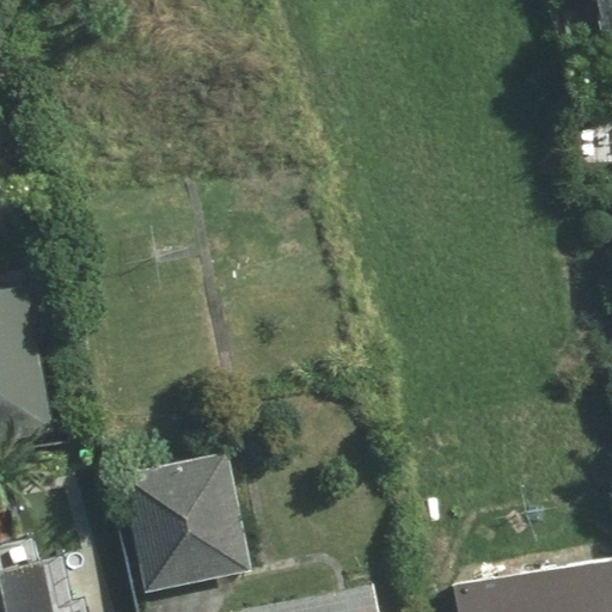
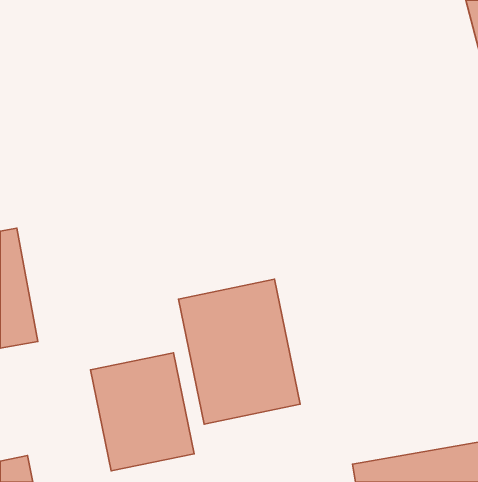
building: none -> [178,279,300,424]

